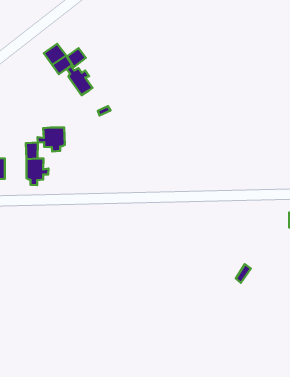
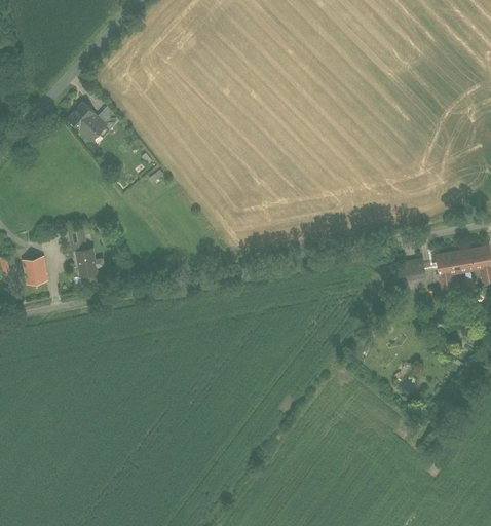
building: [67,66,93,95] -> none
building: [37,128,65,152] -> none

